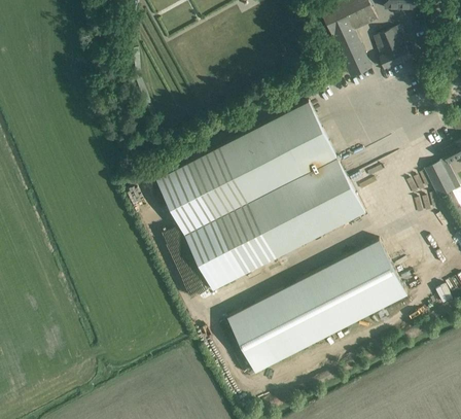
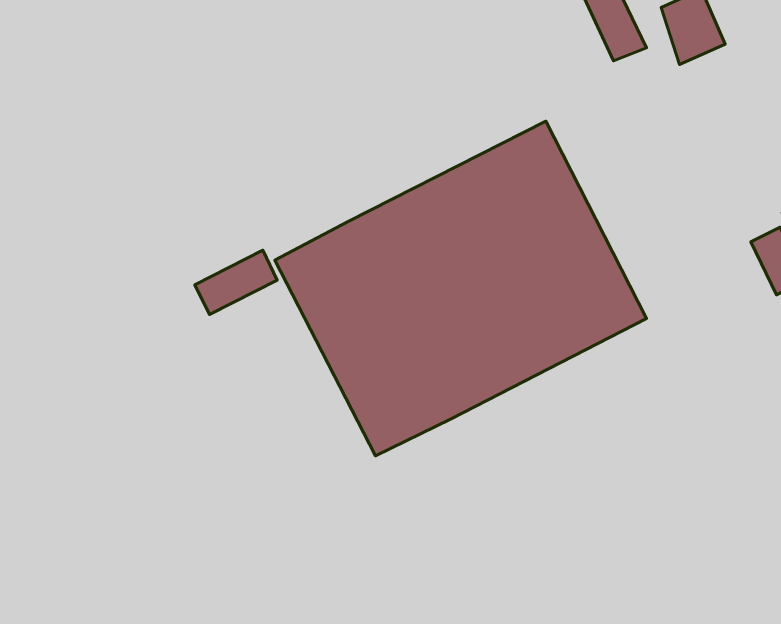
building: none -> [195,250,277,315]
building: [228,240,407,373] -> none

